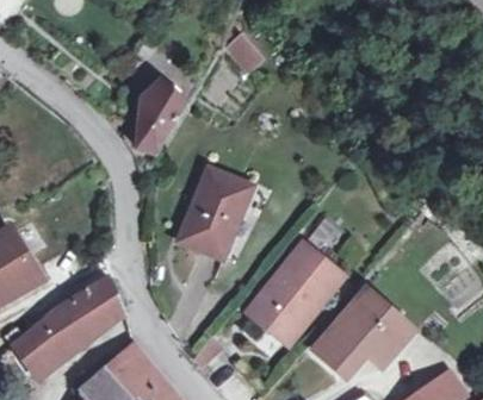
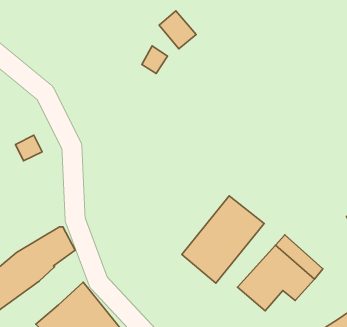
building: [136,81,186,155] -> none
building: [179,169,250,258] -> none

